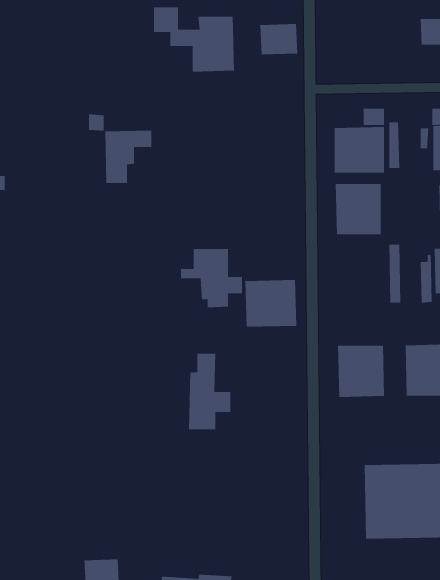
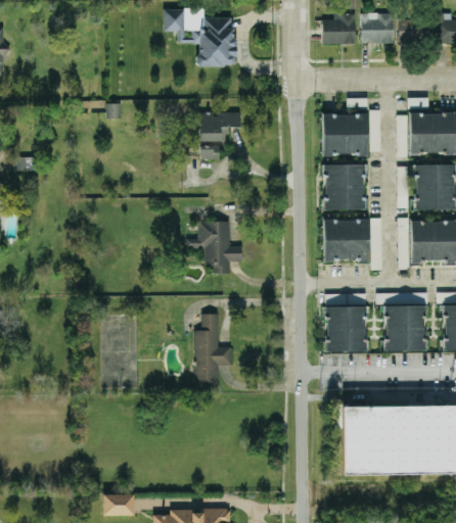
building: none -> [361,12,394,42]
building: [260,24,298,55] -> [322,15,356,43]
building: [104,130,152,184] -> [199,111,241,158]
building: [245,280,297,327] -> [323,219,369,260]

